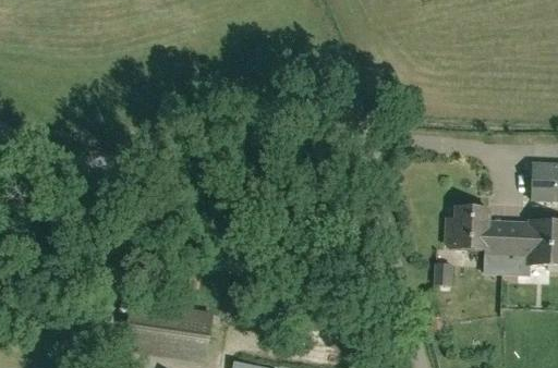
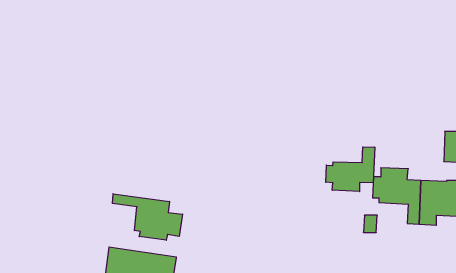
building: none -> [326,147,375,192]
building: none -> [112,194,182,240]

